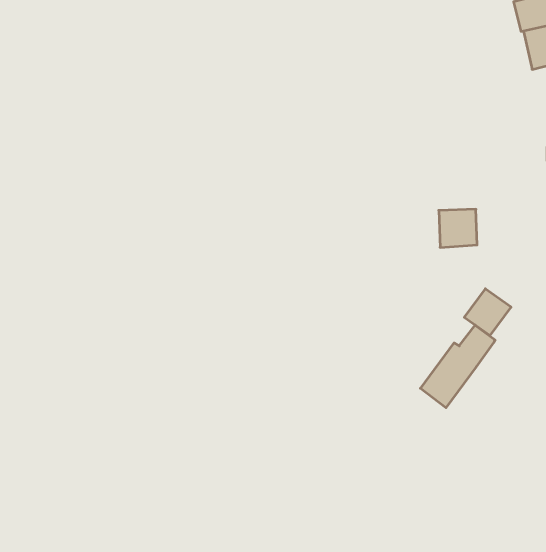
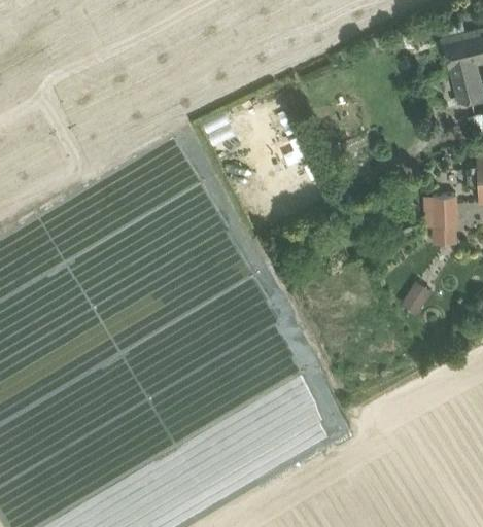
building: [439,209,477,247] -> [424,198,456,230]
building: [420,325,495,408] -> none

